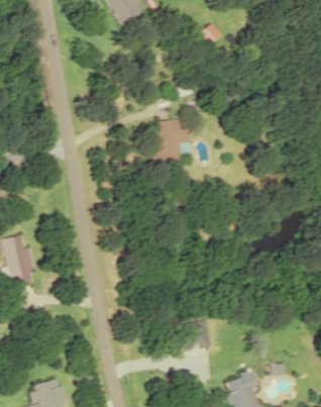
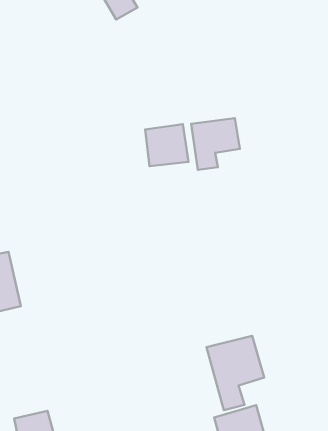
building: none -> [191,118,240,170]
building: none -> [206,336,264,410]

